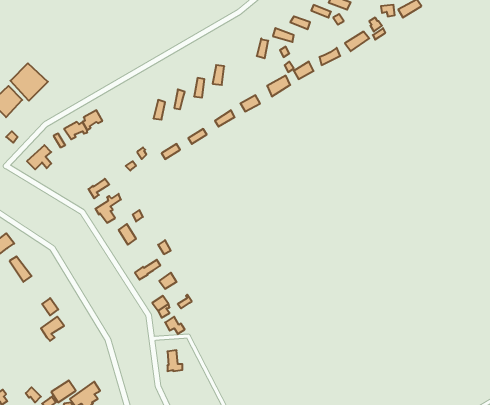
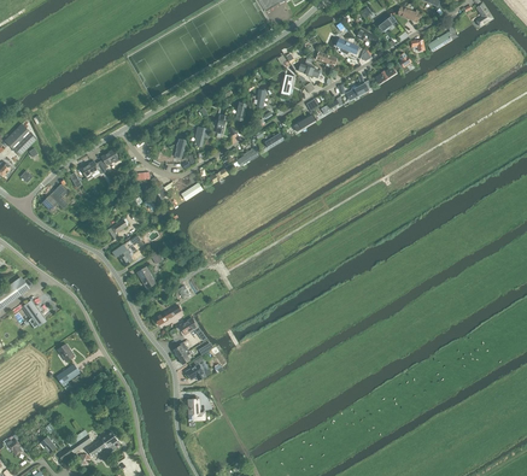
building: [10,63,48,101] -> none

